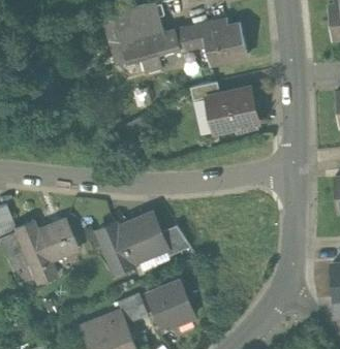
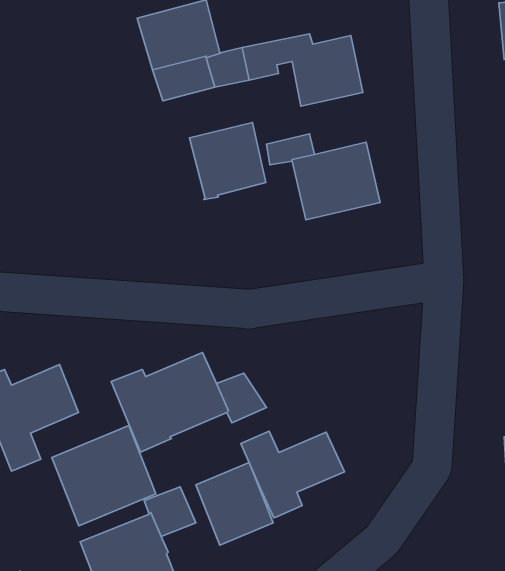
building: none -> [190,123,266,199]
building: none -> [52,426,156,526]
building: none -> [241,431,344,518]

